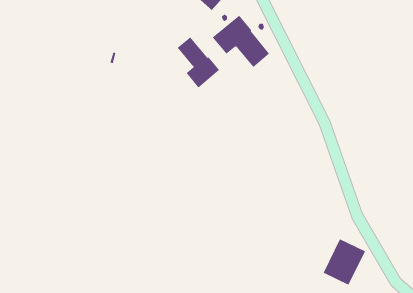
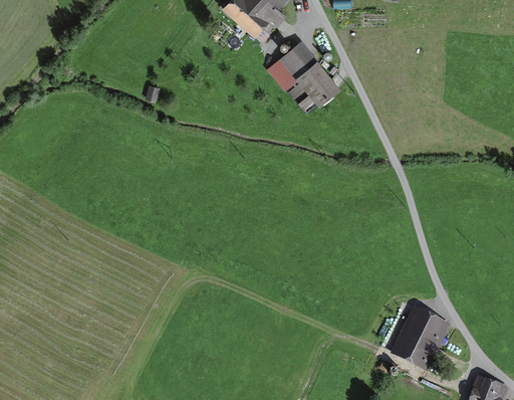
building: [177,37,220,88] -> none

